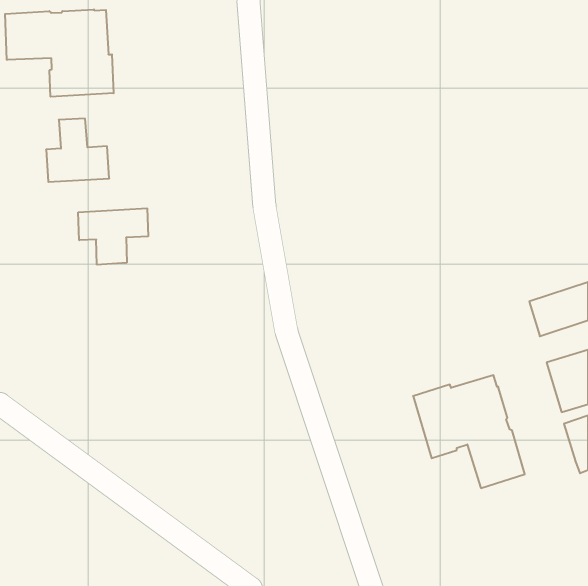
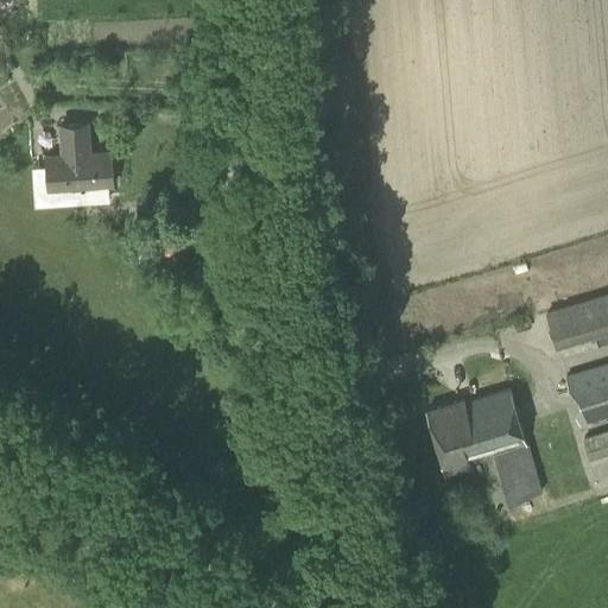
building: [5,9,114,97] -> none
building: [78,208,148,265] -> none

